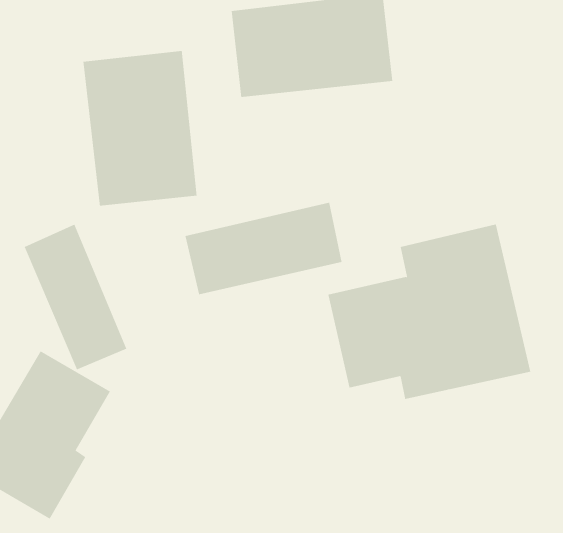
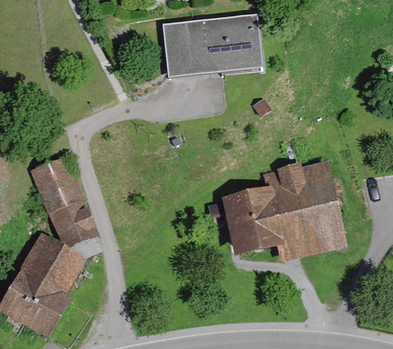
building: [83,50,197,207] -> none
building: [185,202,342,295] -> none

